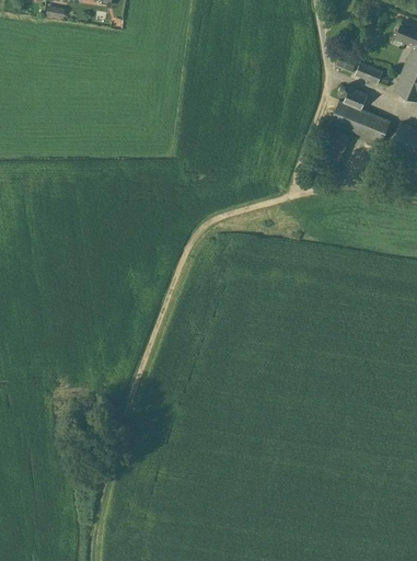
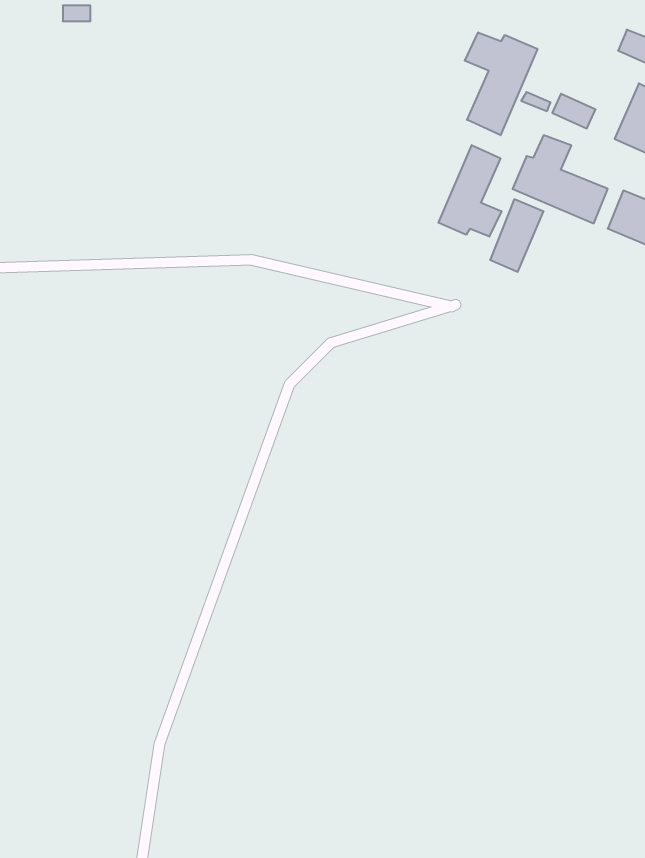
building: none -> [465,32,537,135]
building: none -> [438,145,501,237]

